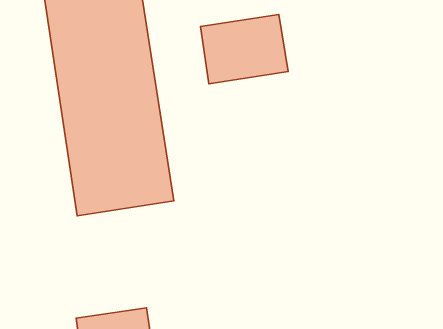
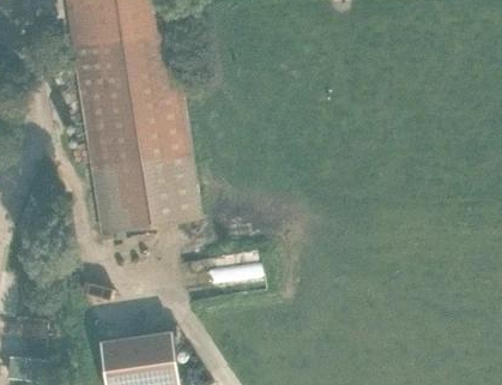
building: [201,14,288,84] -> none

